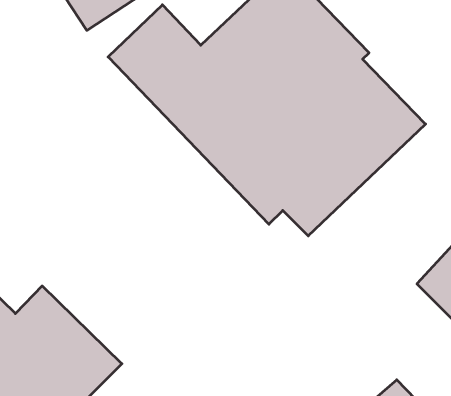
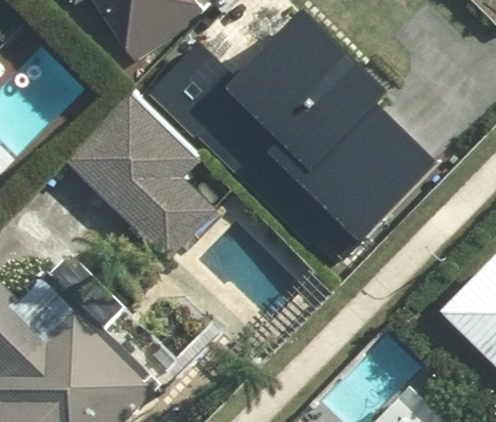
building: none -> [63,90,217,260]

